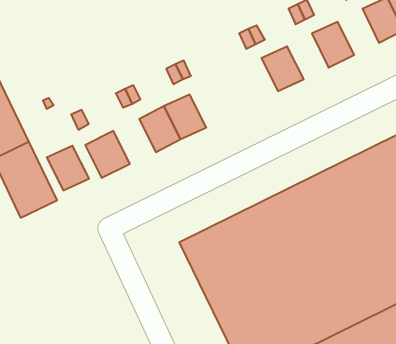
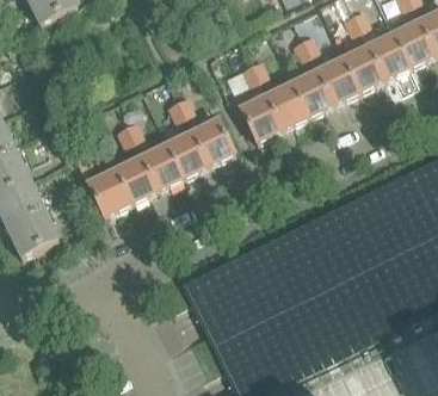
building: none -> [344,45,385,92]
building: none -> [292,70,334,117]
building: none -> [240,95,283,142]
building: none -> [193,119,235,166]
building: [47,146,89,190] -> [116,157,159,203]

